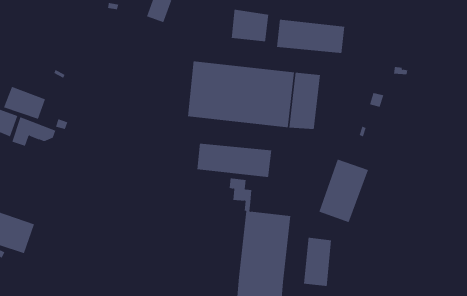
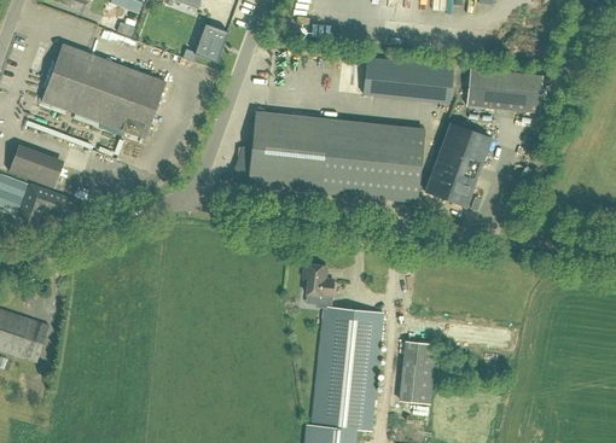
building: [231,9,269,42] -> none
building: none -> [41,43,165,138]
building: none -> [466,68,542,111]
building: [197,143,272,178] -> none
building: [319,159,369,223] -> [426,121,492,204]

